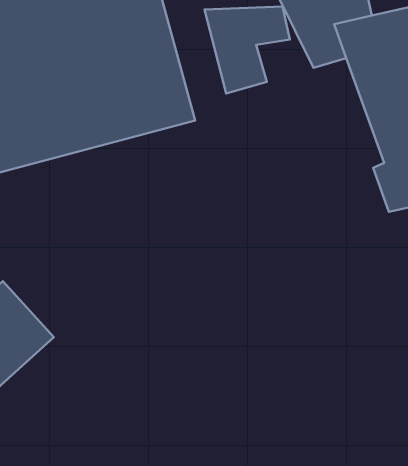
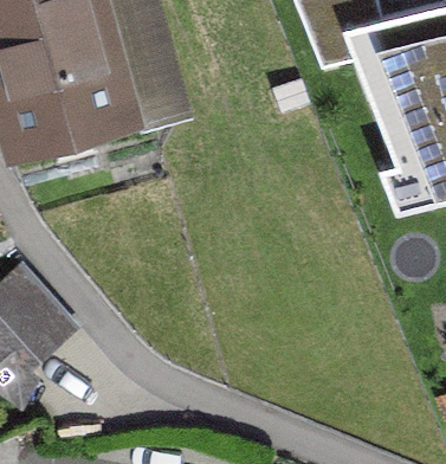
building: [204,7,290,94] -> none

